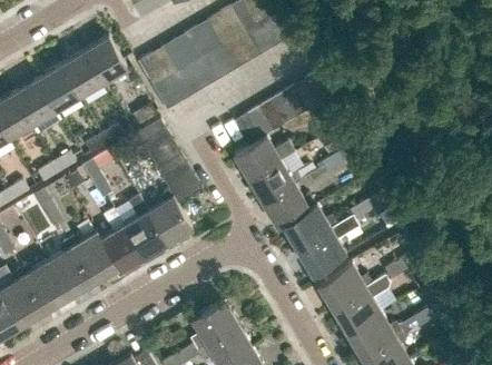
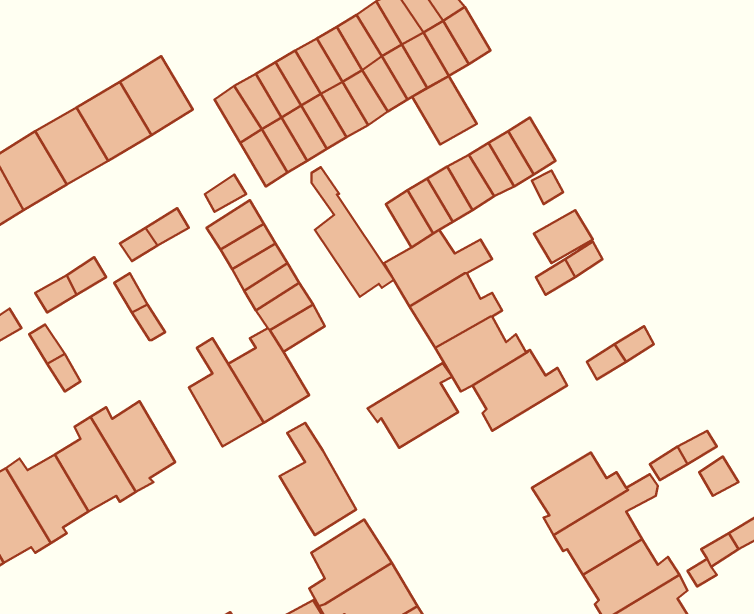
building: none -> [412,76,477,144]
building: none -> [311,167,394,297]
building: [99,210,142,274] -> [279,423,356,535]
building: [295,225,346,273] -> [367,363,458,448]

